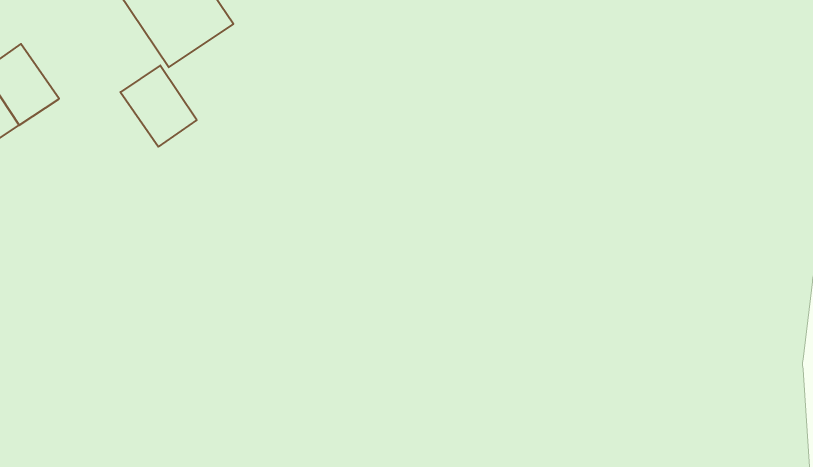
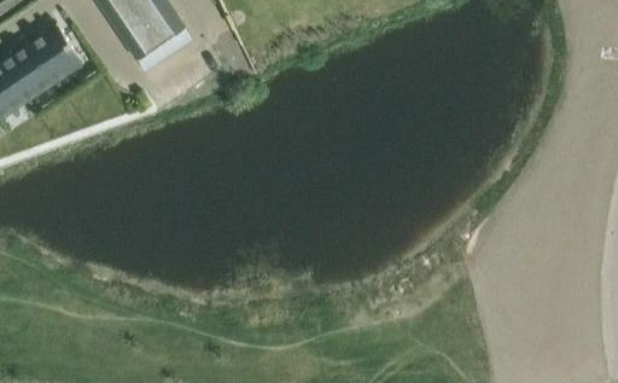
building: [120,65,197,147] -> [29,23,84,82]

